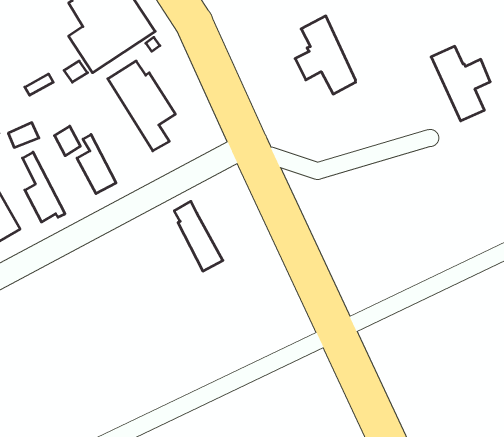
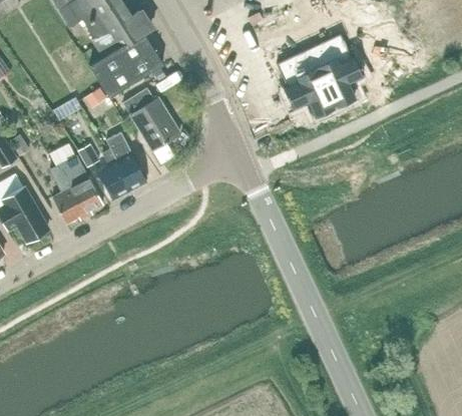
building: [431,46,490,121] -> [308,40,358,103]
building: none -> [60,155,104,217]
building: [174,201,223,271] -> [106,131,147,190]

